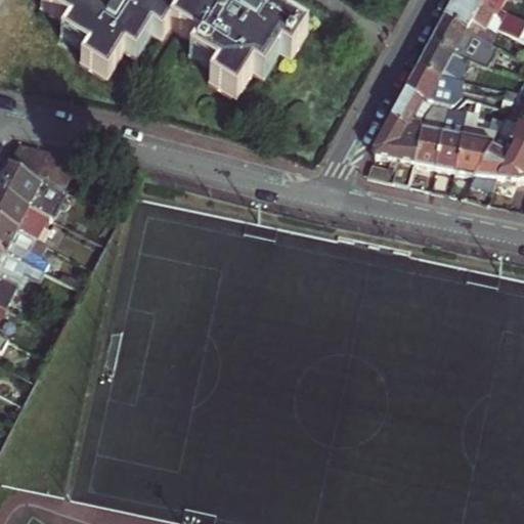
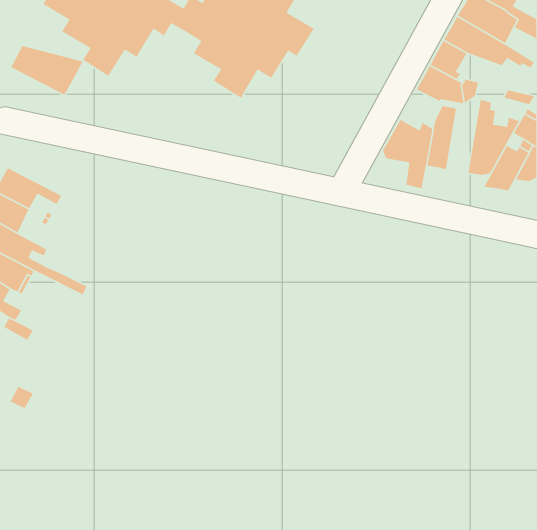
building: [389,87,430,126] -> none
building: [434,96,467,169] -> none
building: [7,141,79,190] -> [10,45,84,96]

